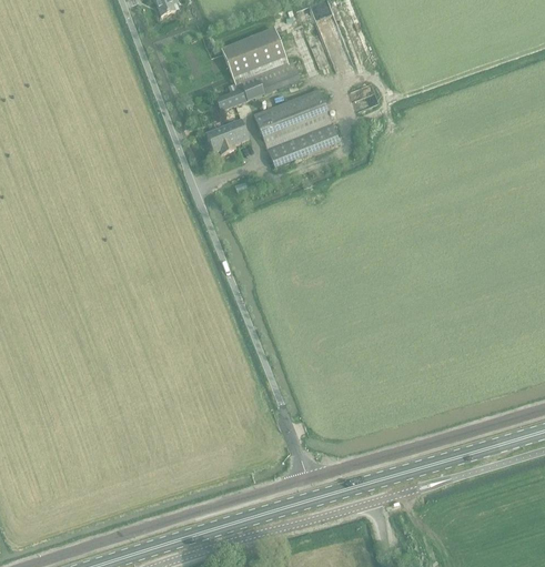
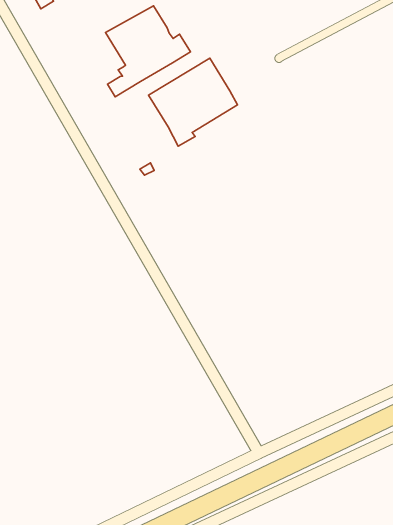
building: [205,118,250,153] -> none

